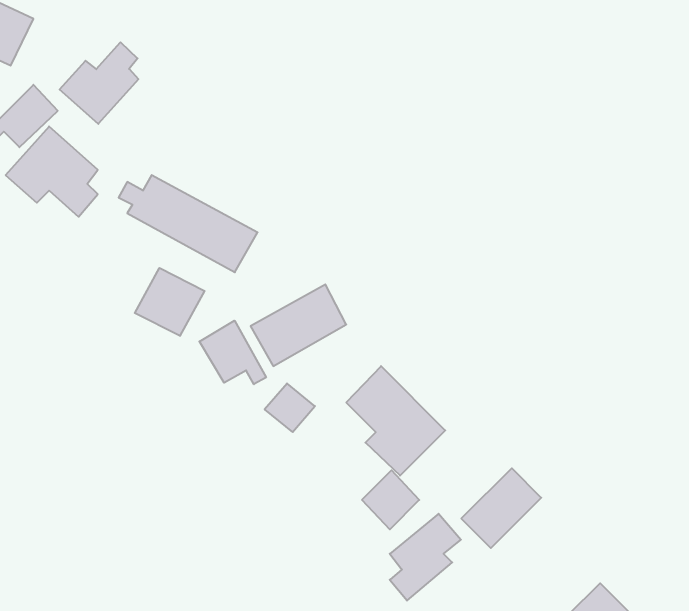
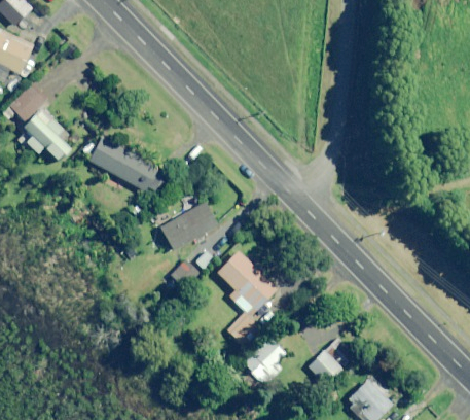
building: [60,42,138,124] -> none
building: [135,268,205,336] -> none
building: [199,321,266,384] -> none
building: [461,468,541,548] -> [309,337,356,384]

